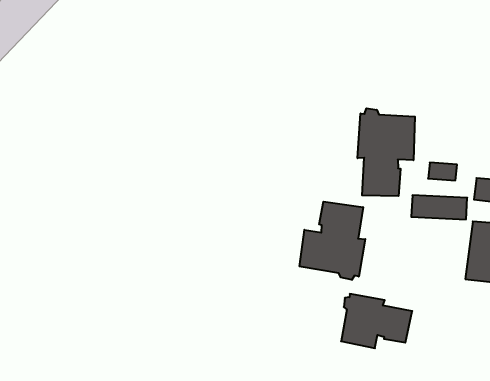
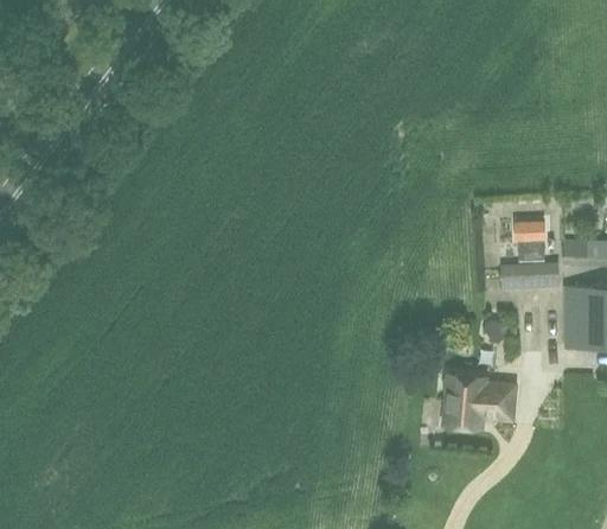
building: [358,108,415,196] -> none
building: [300,202,365,280] -> none

